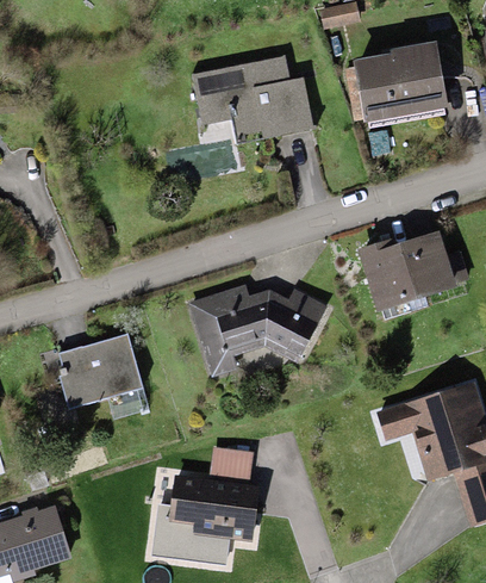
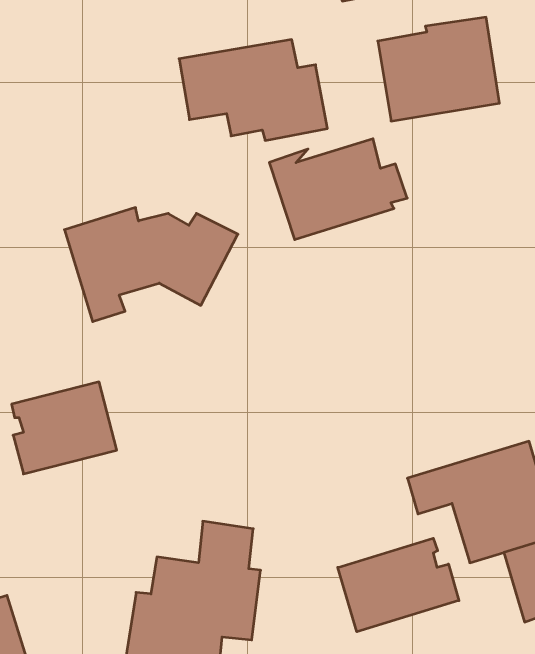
building: [356,230,467,311] -> [269,139,407,240]
building: [187,284,326,376] -> [64,208,238,322]
building: none -> [338,538,459,632]

